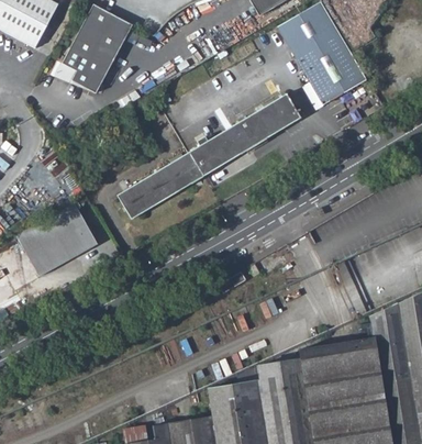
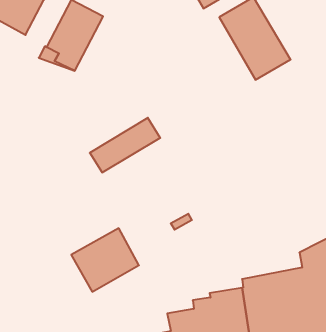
building: [189,92,301,176] -> none
building: [13,198,98,277] -> [71,228,139,292]

